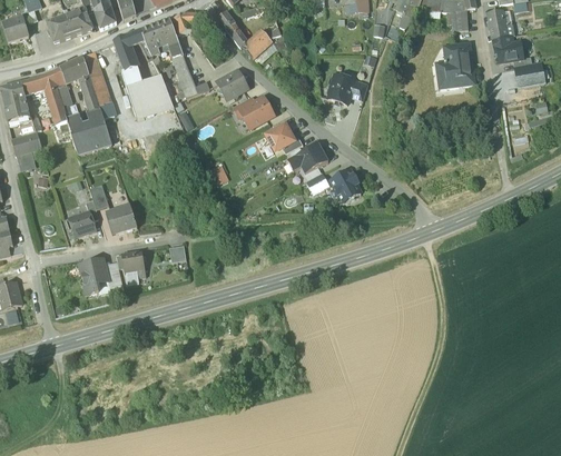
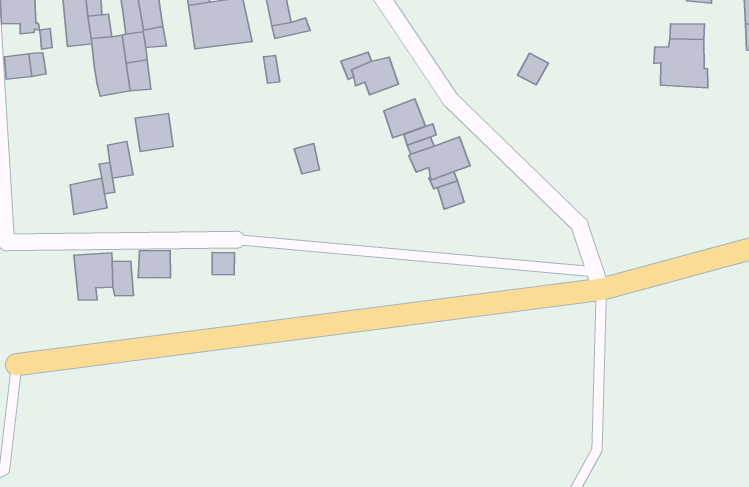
building: [216,71,246,98] -> none
building: [327,75,354,105] -> none
building: [329,169,360,202] -> none
building: [108,205,136,232] -> [135,114,173,151]

